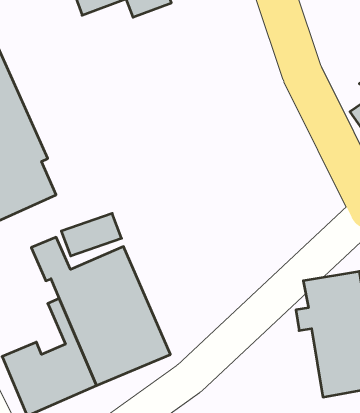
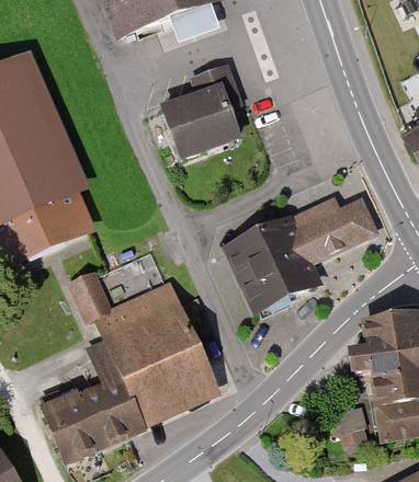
building: none -> [161,67,239,160]
building: none -> [224,197,376,312]
building: none -> [339,402,371,439]

